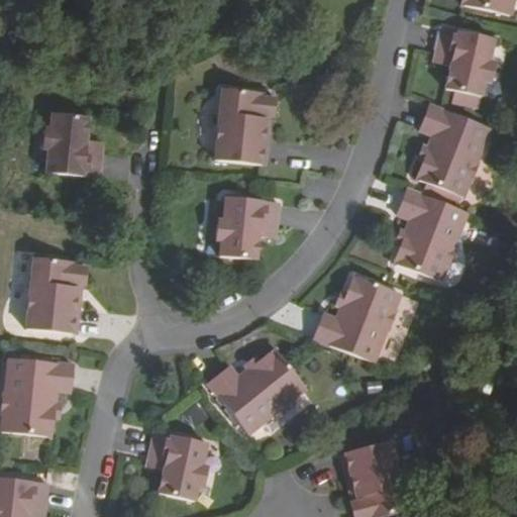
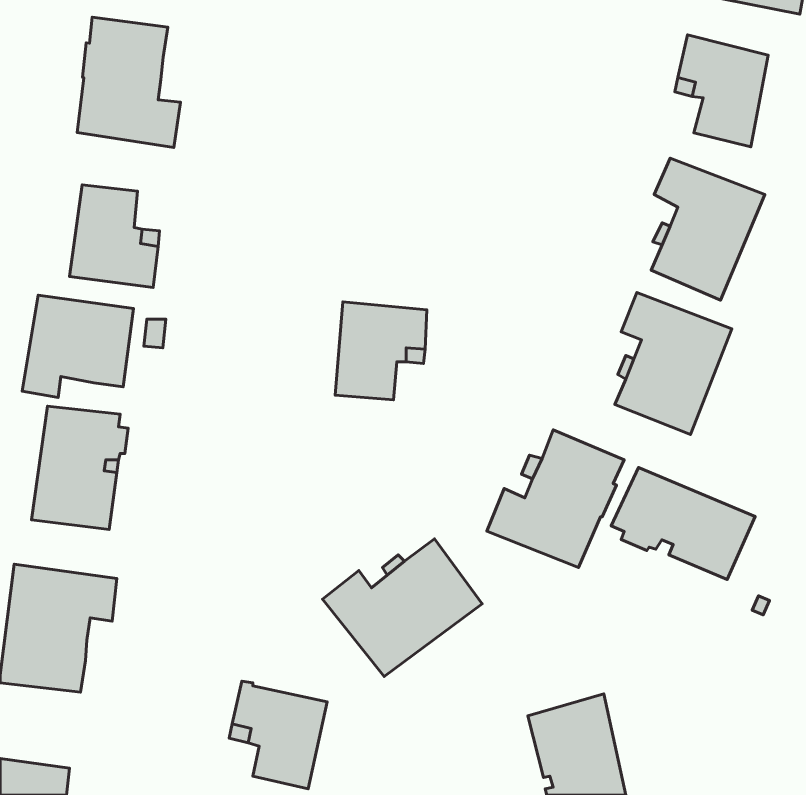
building: none -> [77,17,180,147]
building: [214,87,275,164] -> none
building: none -> [22,295,134,397]
building: none -> [611,467,755,579]

